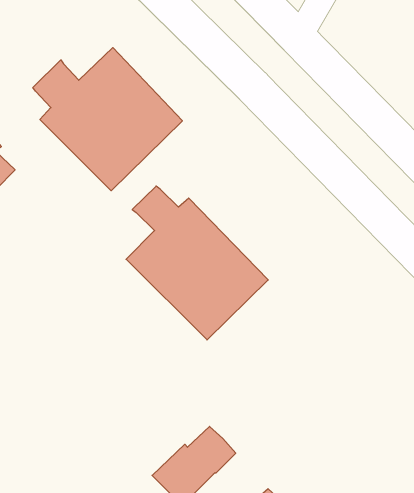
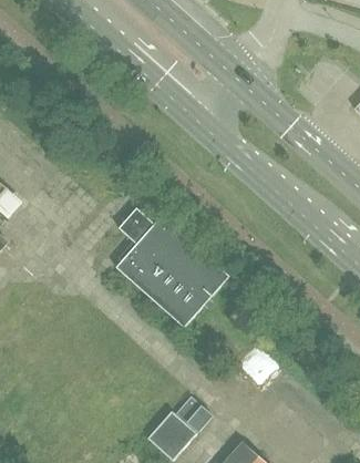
building: [33,48,182,191] -> none

